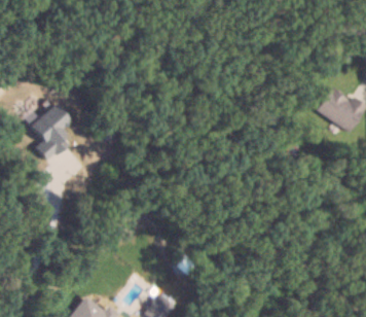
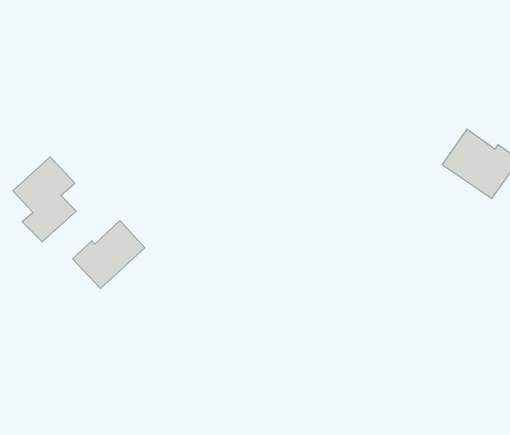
building: none -> [72,221,145,288]

